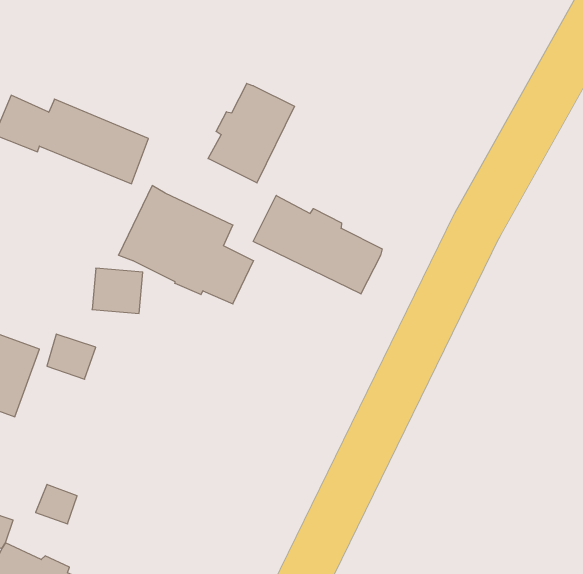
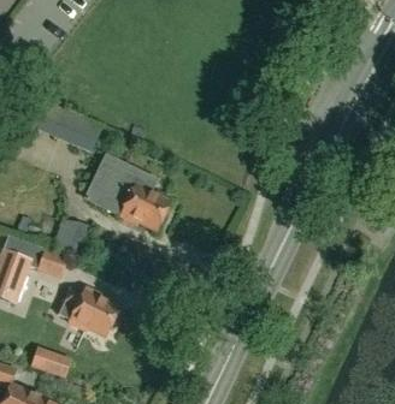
building: [208,83,294,183] -> none
building: [253,195,382,294] -> none
building: none -> [58,287,119,335]

